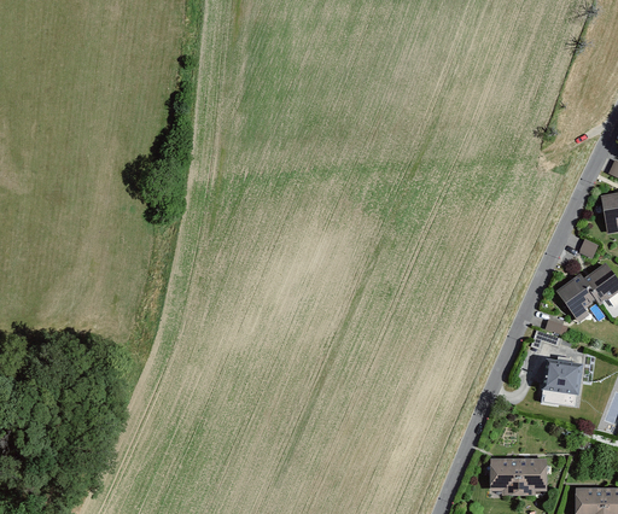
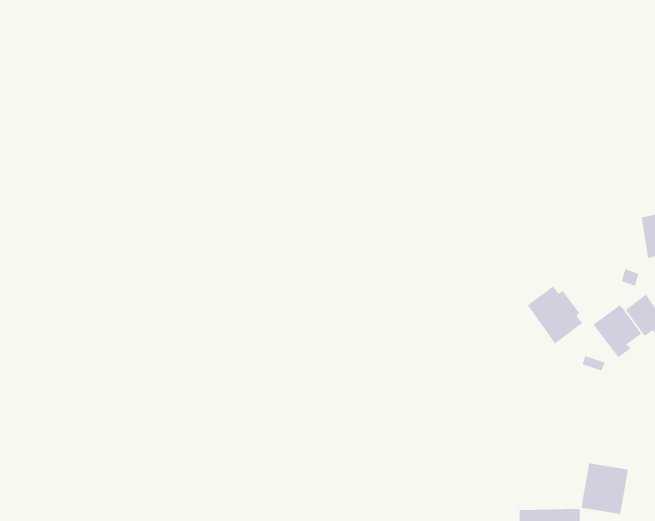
building: none -> [527,285,583,345]
building: [542,360,585,407] -> [580,463,629,515]

